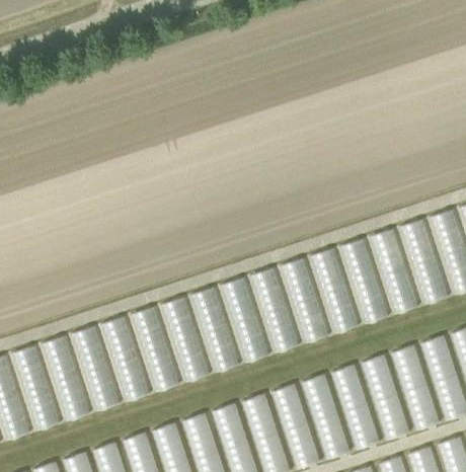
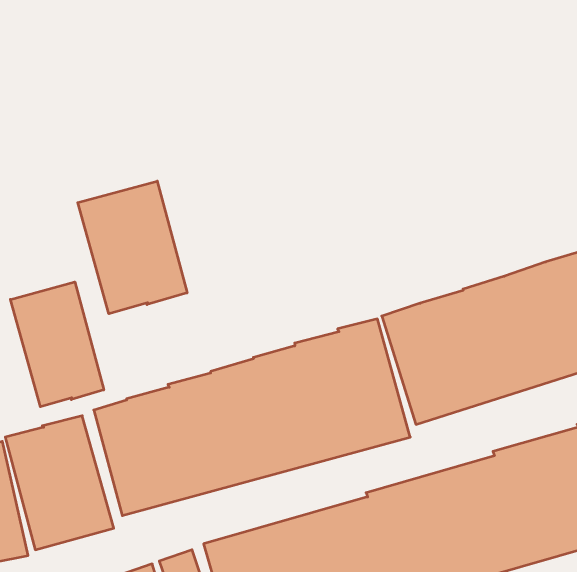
building: none -> [78,181,187,314]
building: none -> [10,282,104,407]

